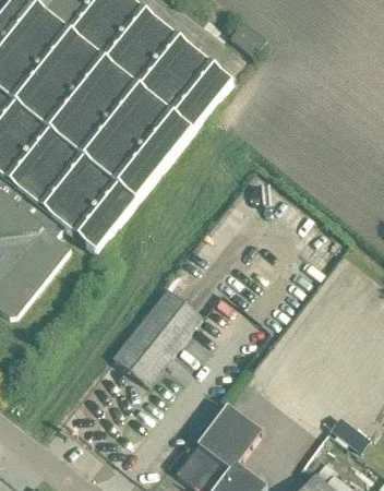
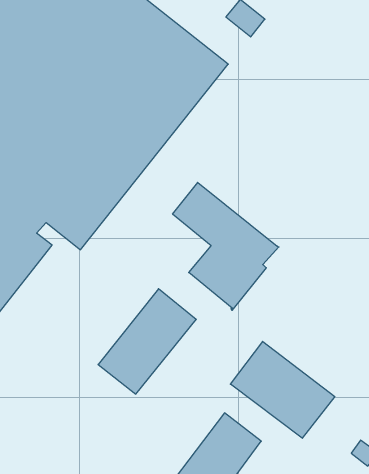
building: none -> [173,182,279,310]
building: none -> [230,341,335,438]

